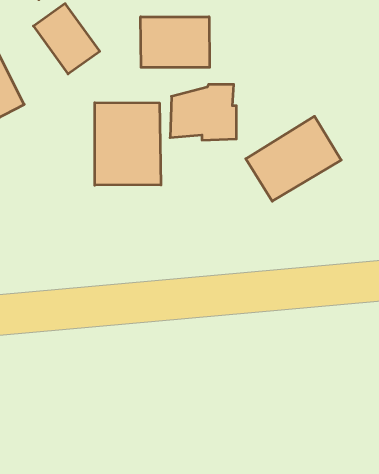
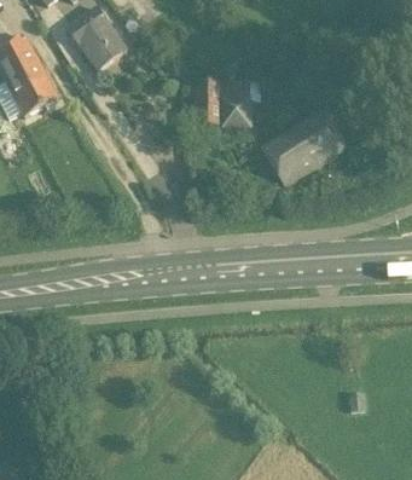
building: [141,17,210,67] -> none
building: [95,103,161,185] -> none

